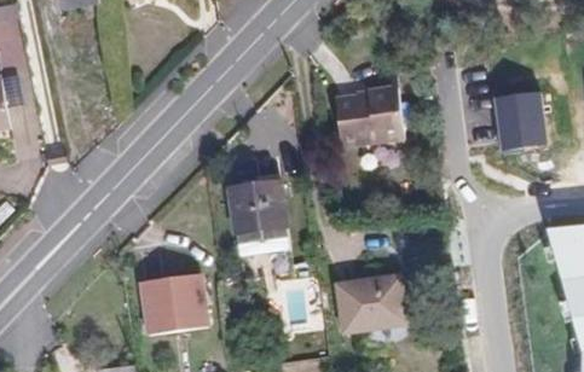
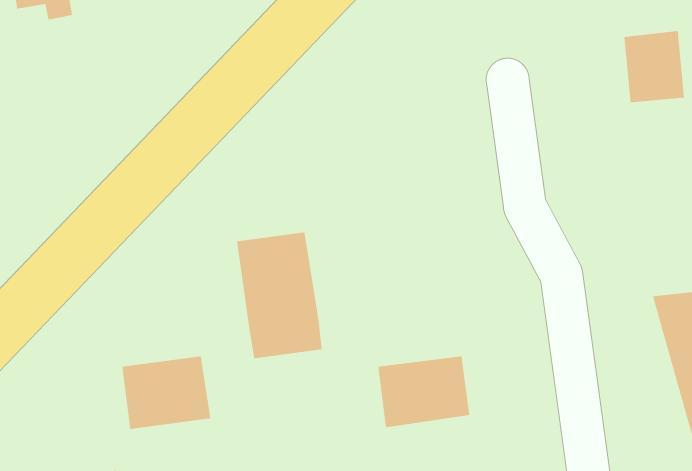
building: [335,85,404,146] -> none
building: [496,92,543,147] -> [624,31,685,103]

